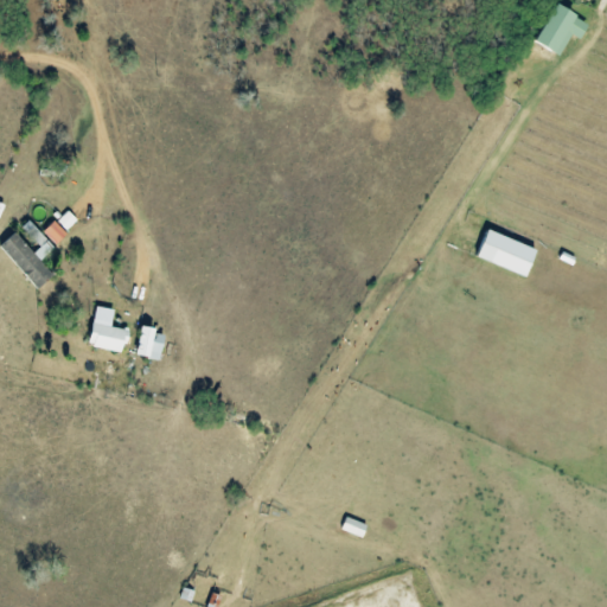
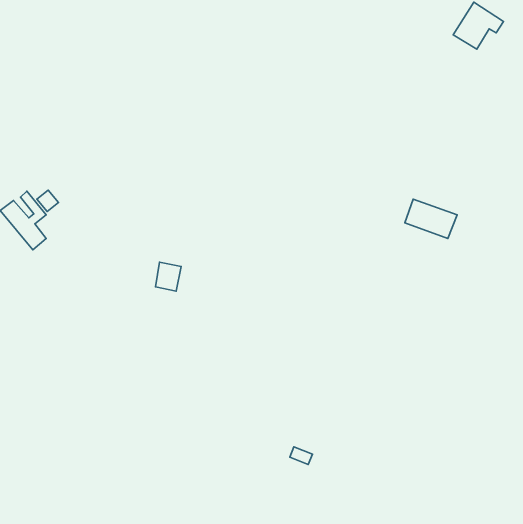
building: [91,306,130,352] -> none
building: [140,326,170,359] -> [156,262,181,291]

